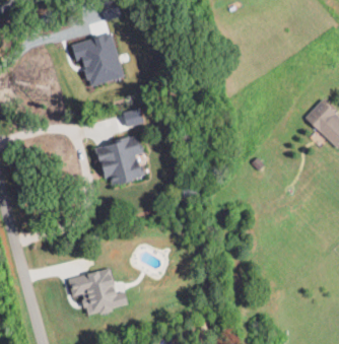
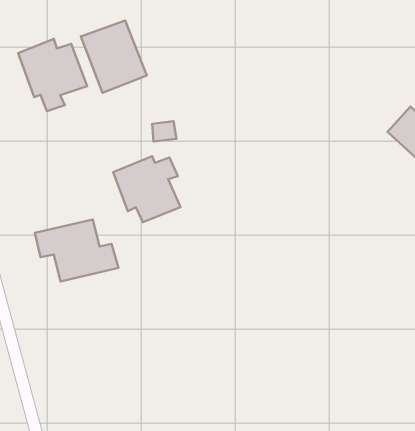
building: none -> [18,39,87,111]
building: [68,268,131,315] -> [35,220,118,281]

